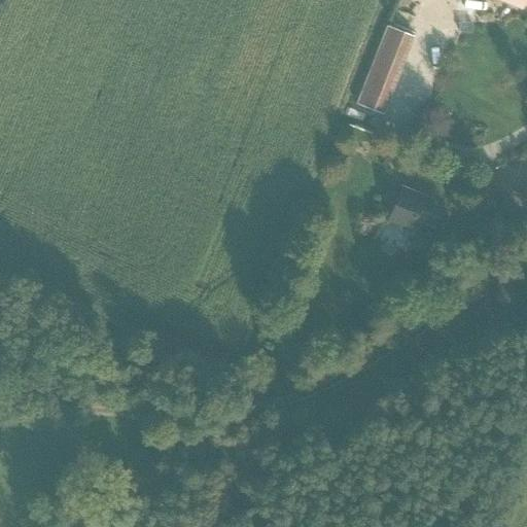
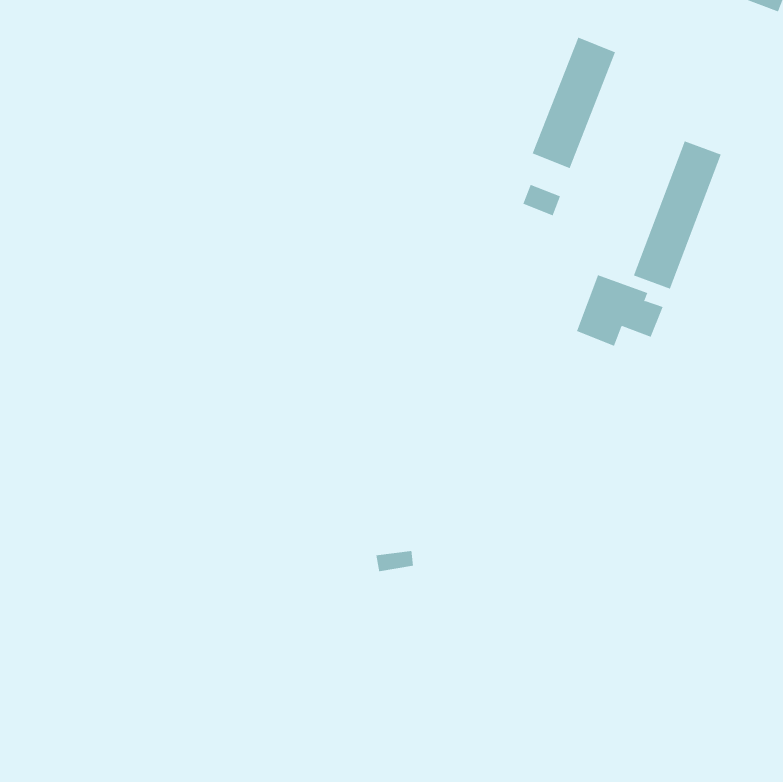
building: none -> [633,140,721,290]

